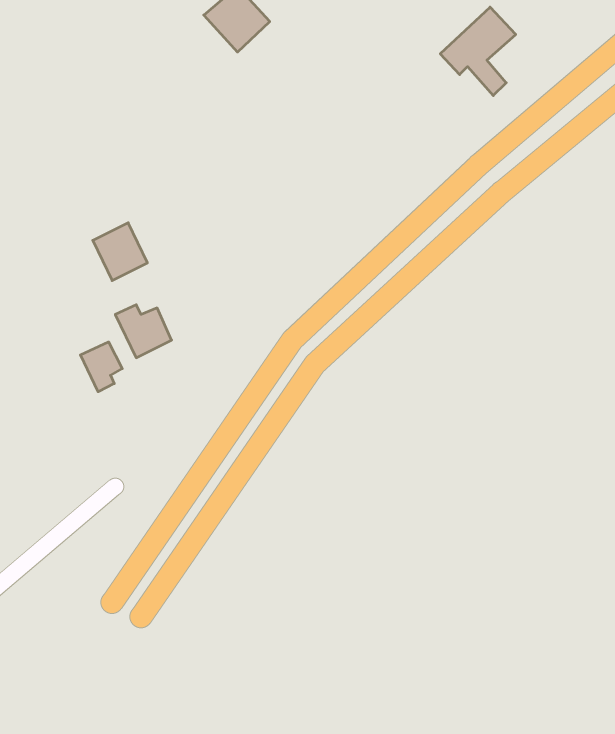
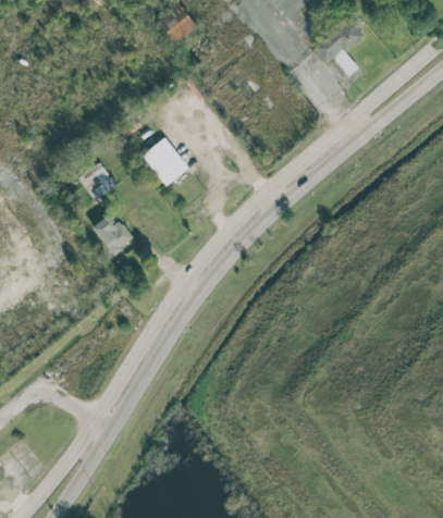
building: none -> [140,137,188,186]
building: [80,342,122,392] -> none

